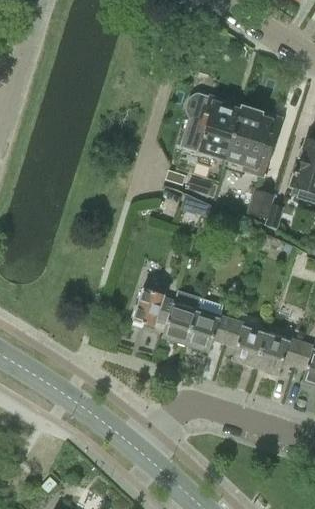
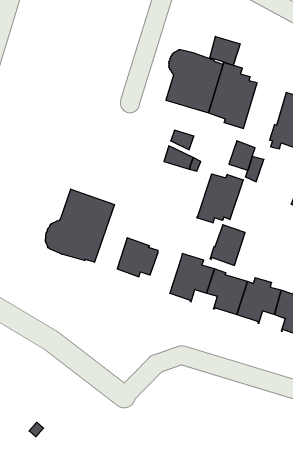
building: none -> [210,36,240,65]
building: none -> [197,174,243,223]
building: none -> [45,189,115,262]
building: [162,302,198,344] -> [210,225,245,265]

